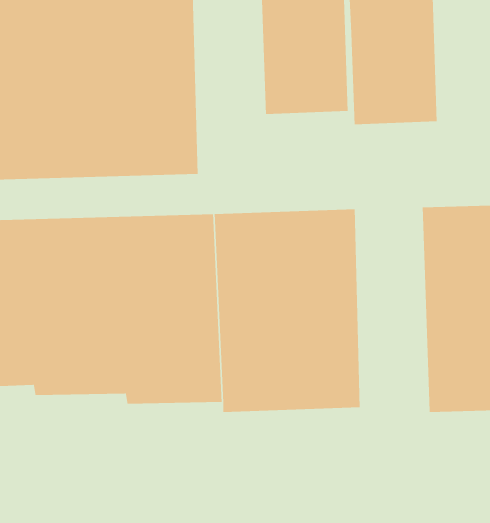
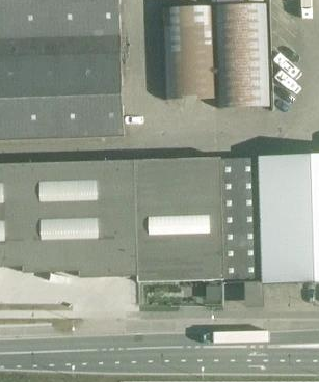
building: none -> [219,156,264,281]

